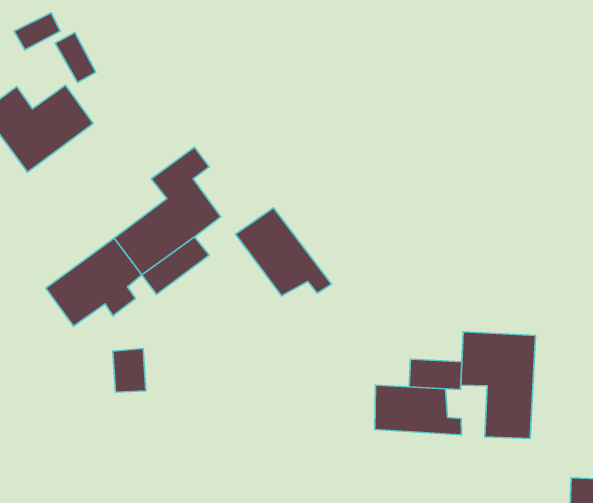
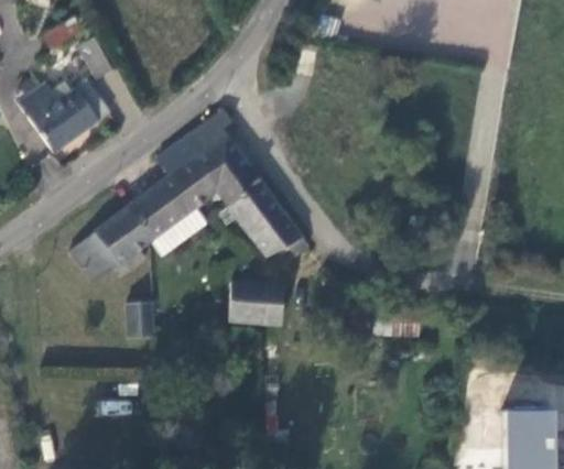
building: none -> [193,109,260,205]
building: none -> [227,281,282,324]
building: [461,332,535,439] -> none
building: [375,385,462,435] -> none

